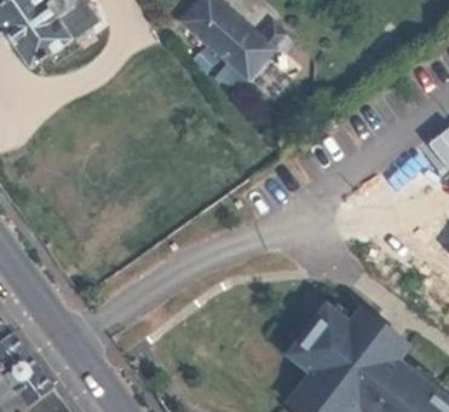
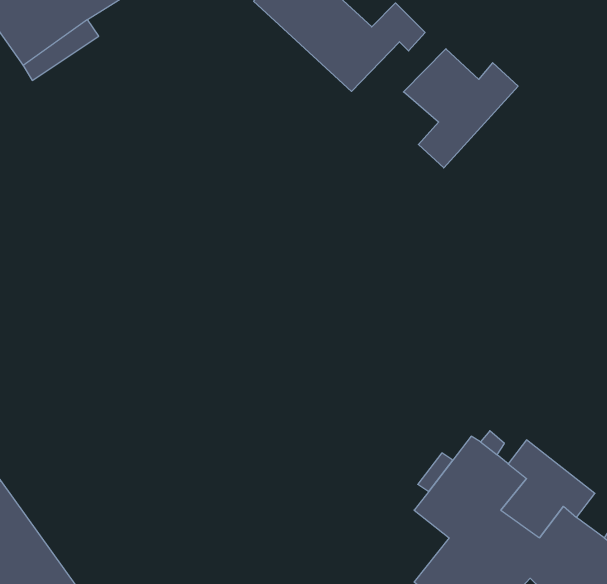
building: none -> [403,49,518,168]

